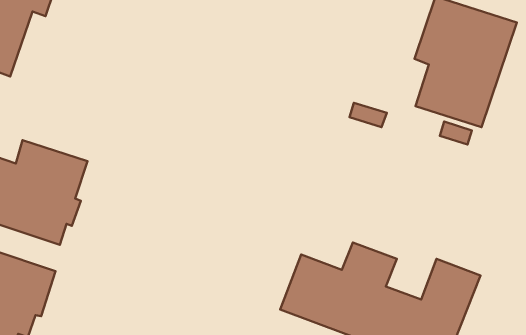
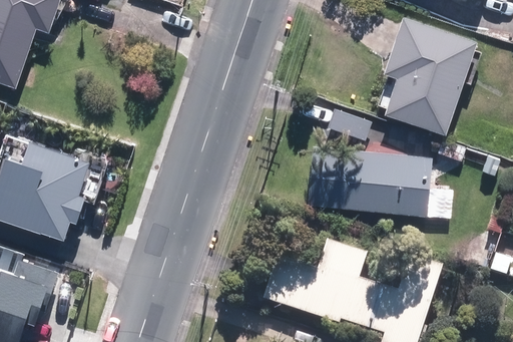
building: none -> [308,147,449,218]

